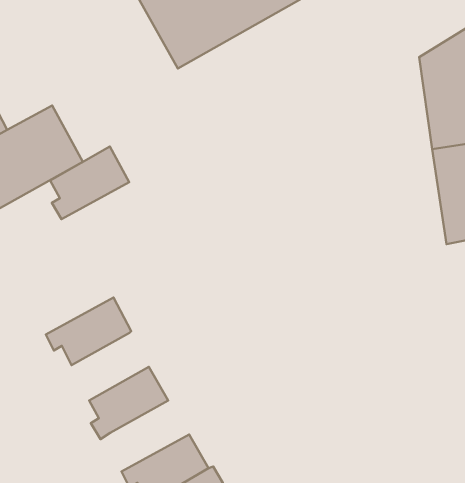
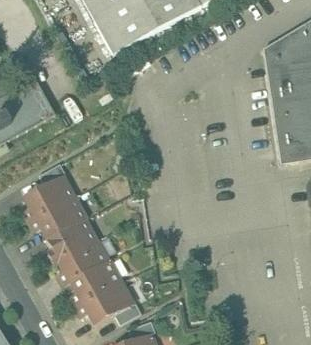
building: [50,147,129,219] -> [25,176,74,221]
building: none -> [47,220,96,264]
building: none -> [72,262,121,306]

